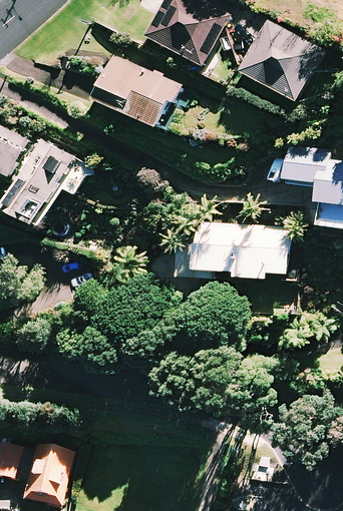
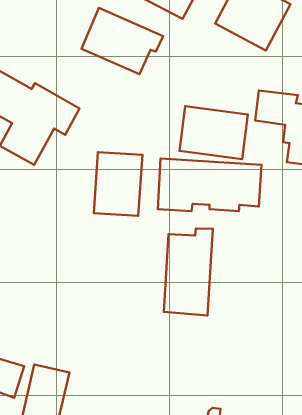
building: none -> [179,106,248,159]
building: none -> [94,152,142,216]
building: none -> [164,229,213,315]

